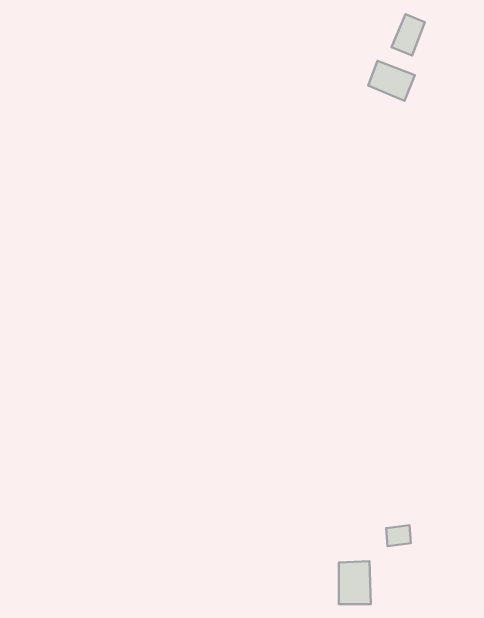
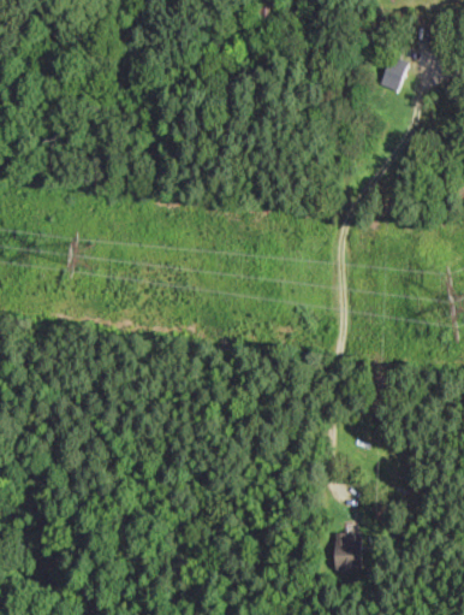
building: [368,61,415,101] -> none

